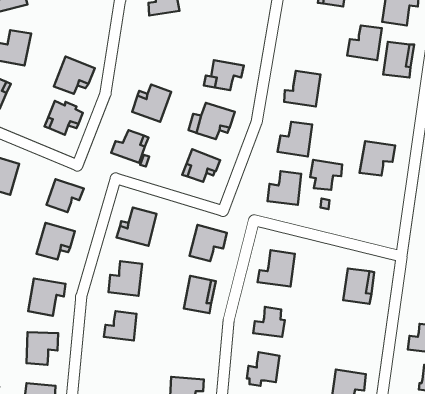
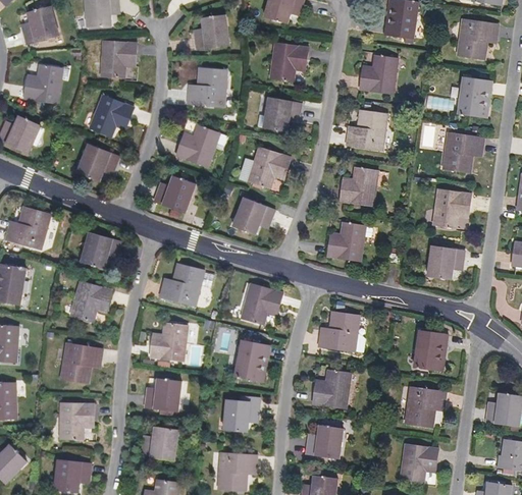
building: none -> [100,41,137,78]
building: none -> [270,41,310,80]
building: [347,26,382,60] -> [359,55,398,94]
building: none -> [192,65,228,102]
building: none -> [441,132,483,173]
building: [310,160,342,190] -> [428,245,464,279]
building: none -> [404,387,446,427]
building: none -> [222,396,259,438]
building: none -> [142,427,177,459]

